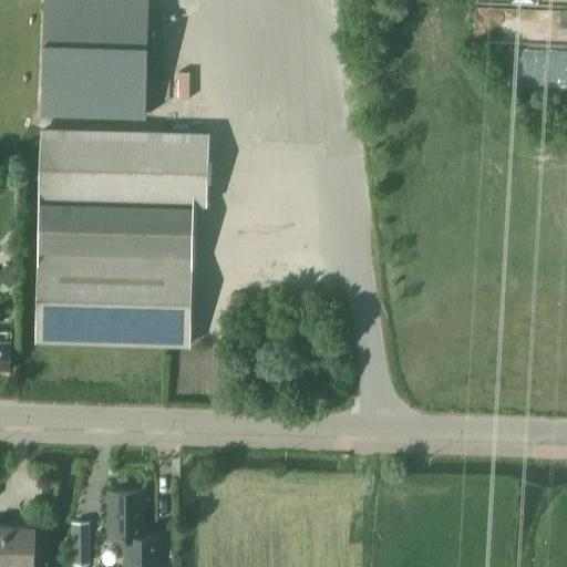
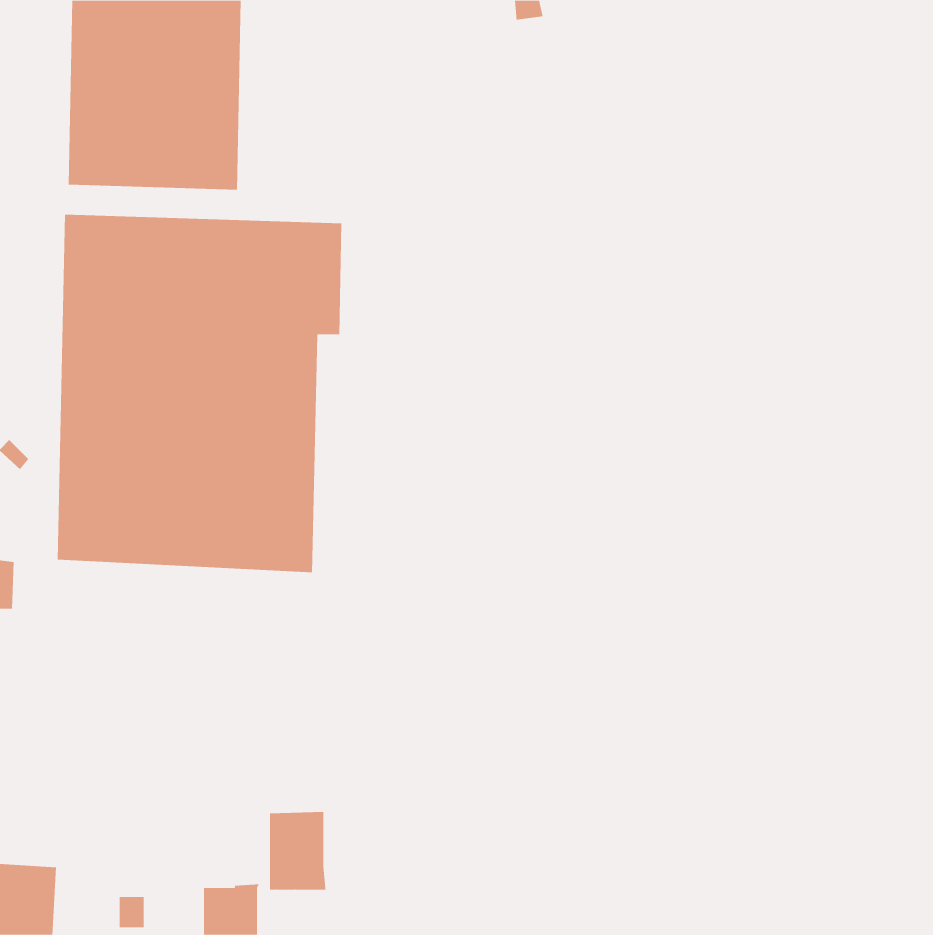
building: [107,489,142,537] -> [269,811,326,890]

